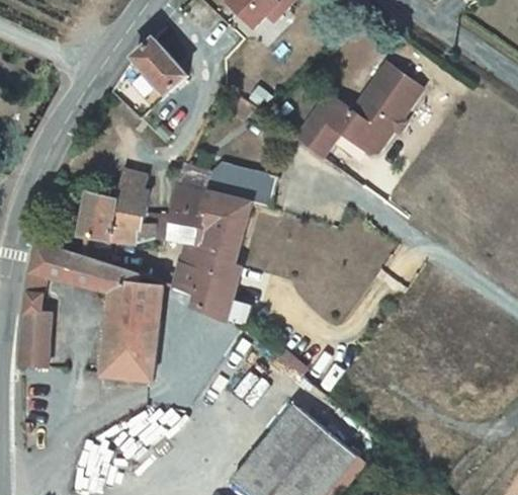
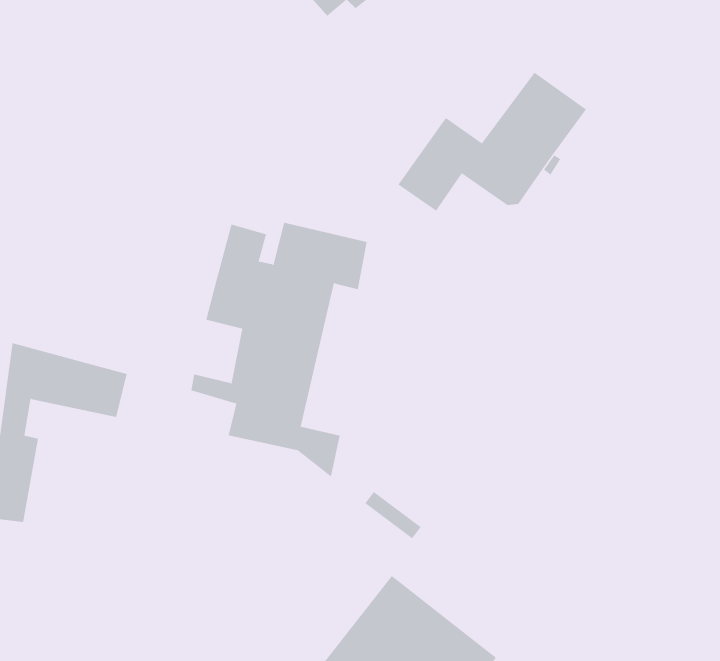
building: [128,38,183,92] -> none
building: [72,161,170,240] -> none
building: [98,267,167,383] -> none

